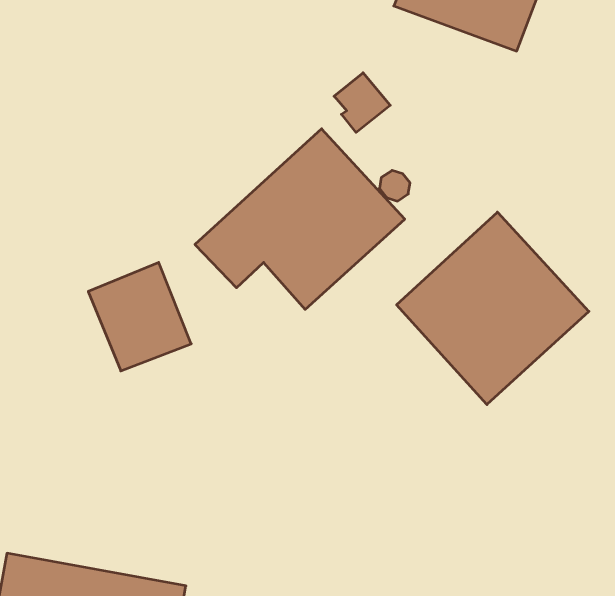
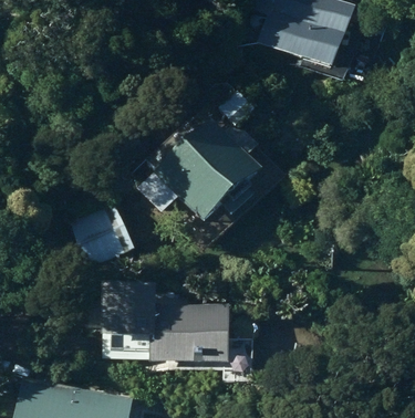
building: [397,212,589,405] -> none
building: none -> [101,289,230,366]

